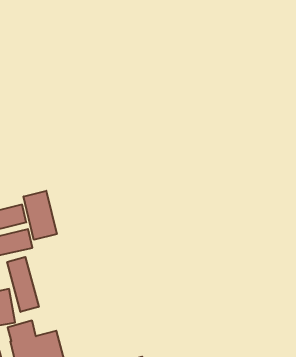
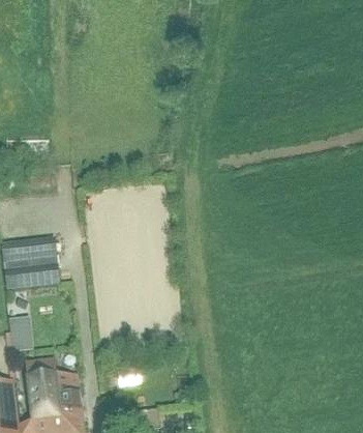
building: [24,191,57,240] -> none
building: [7,257,39,312] -> none

